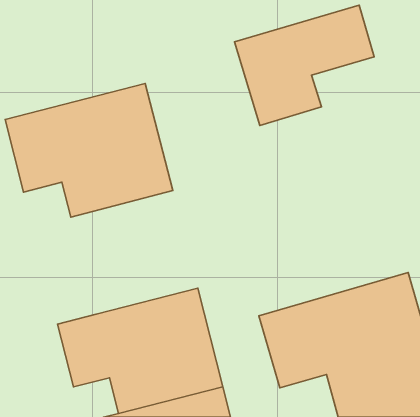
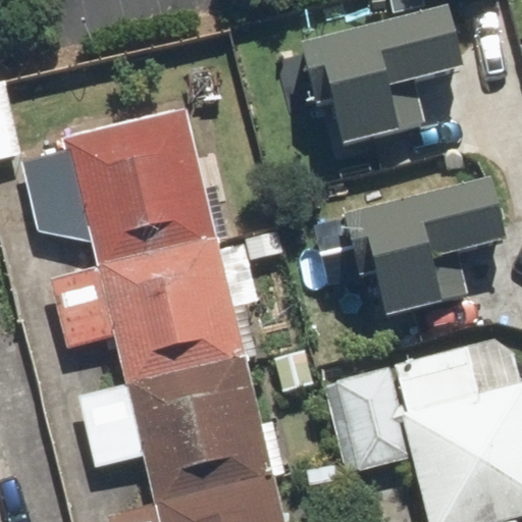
building: none -> [324,176,517,331]
building: none -> [48,232,250,383]

